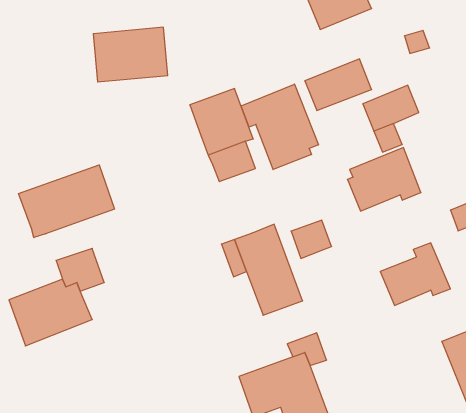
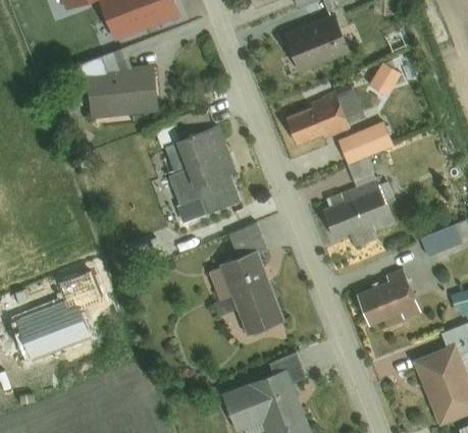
building: none -> [336,92,365,126]
building: [241,84,318,170] -> none
building: none -> [169,168,200,204]
building: [19,165,115,238] -> none
building: [291,220,332,258] -> [227,224,265,260]

